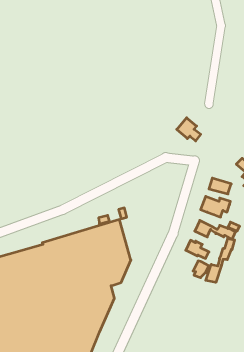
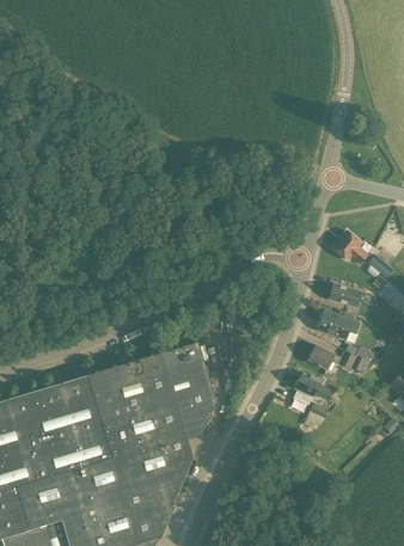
building: [177,118,201,141] -> [333,229,368,263]
building: [206,238,235,282] -> none

